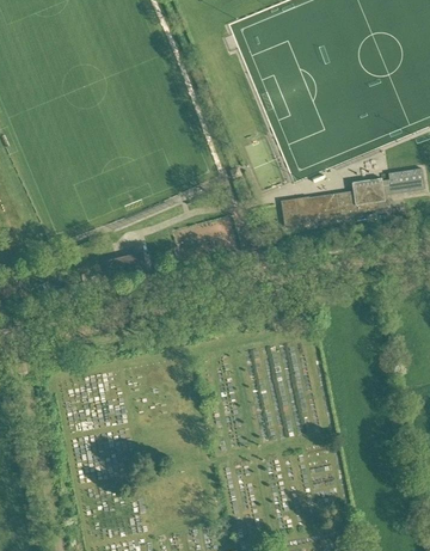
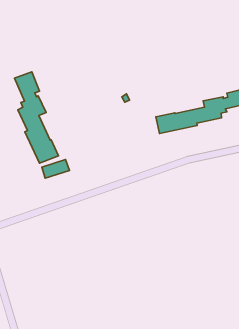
building: none -> [15,72,59,163]

